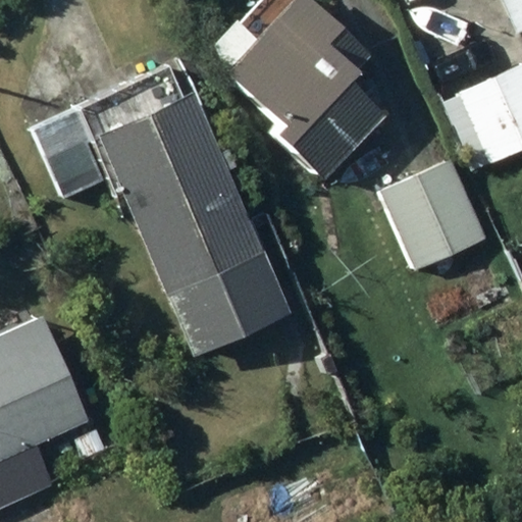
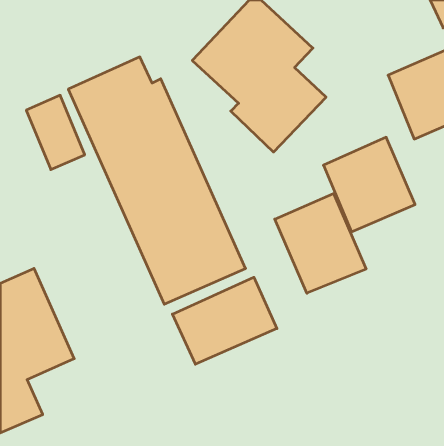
building: none -> [275,194,366,293]
building: none -> [172,277,277,364]

